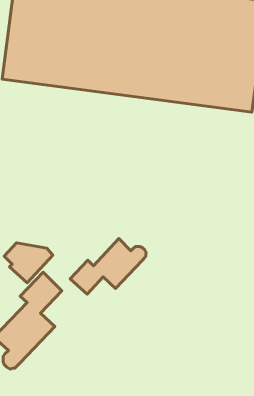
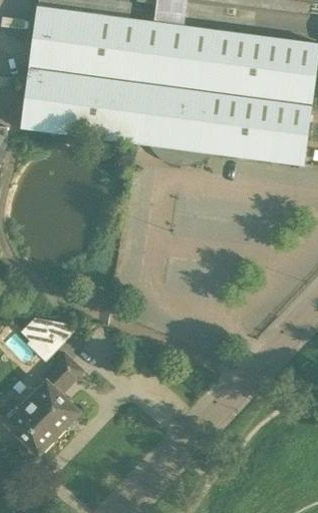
building: [70,239,146,294] -> none

